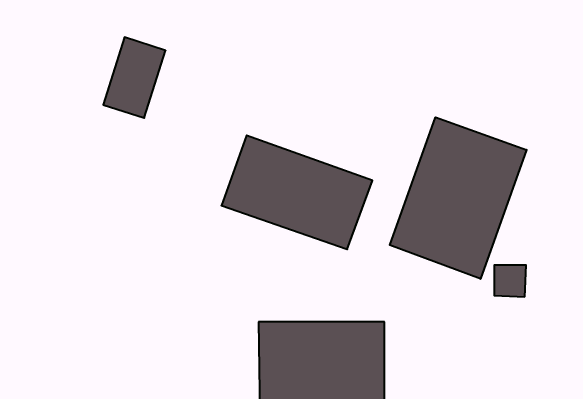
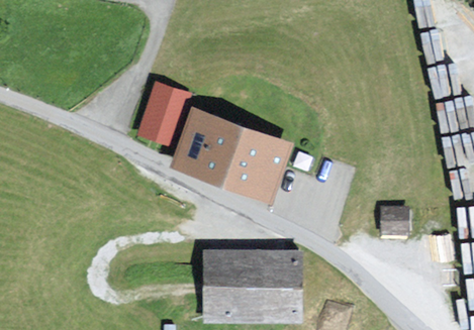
building: [103,37,166,118] -> [141,83,189,144]
building: [390,117,527,279] -> none

